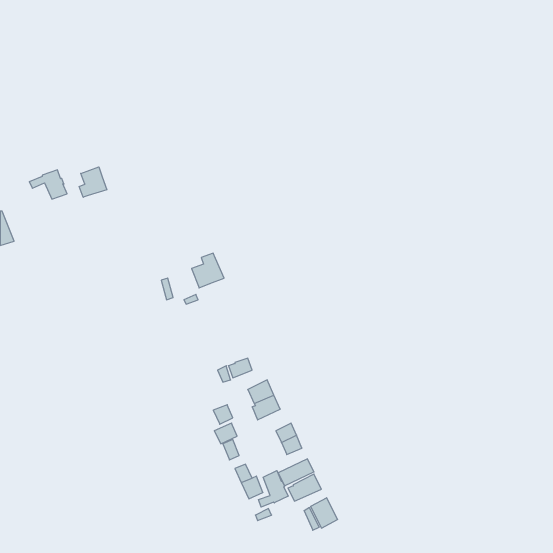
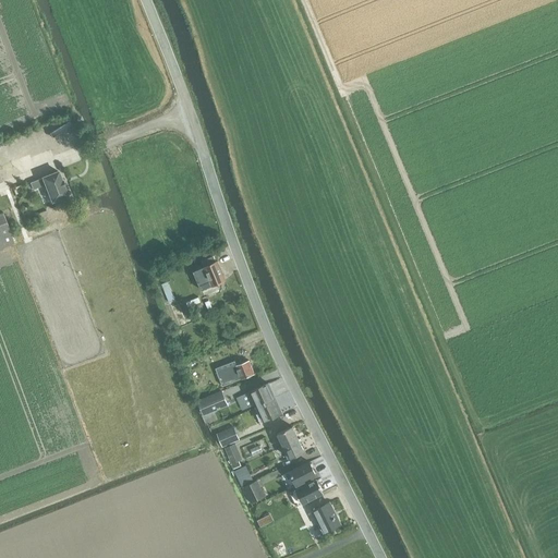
building: [79,167,107,197] -> none
building: none -> [197,389,229,415]
building: [258,471,288,507] -> none

